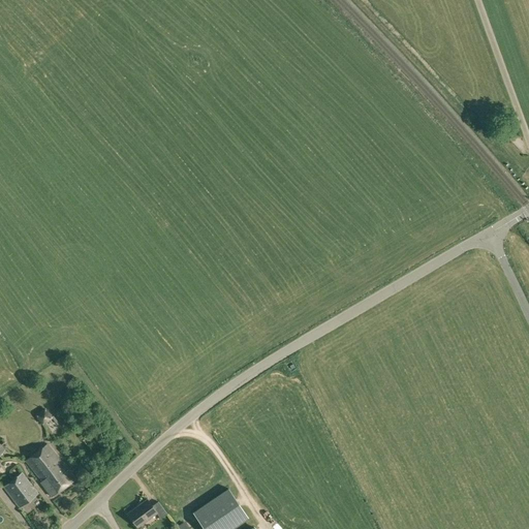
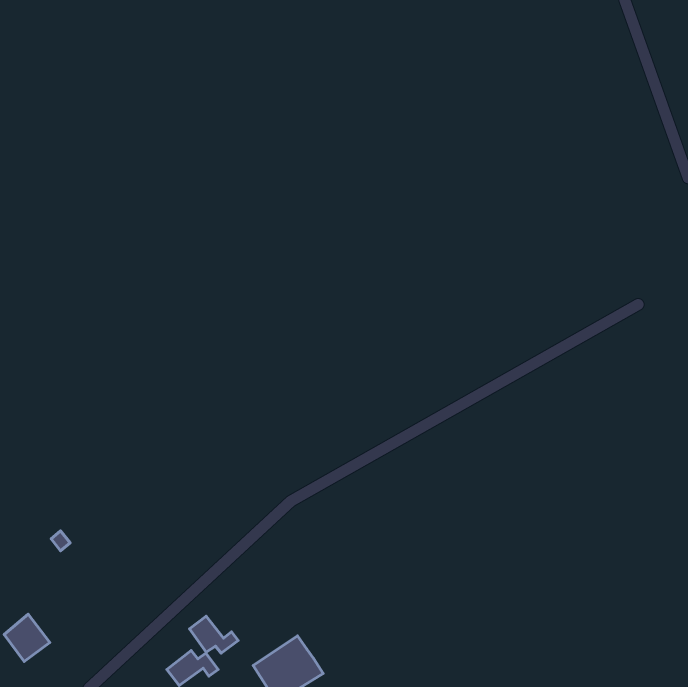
building: [26,444,74,497] -> none
building: none -> [189,616,238,653]

